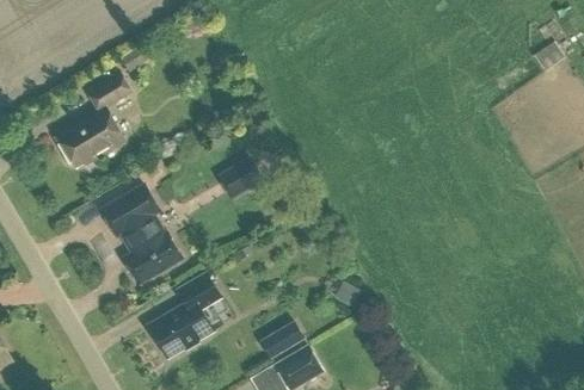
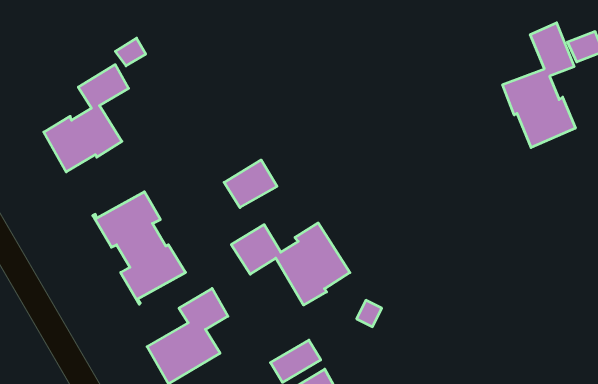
building: none -> [503,23,575,148]
building: none -> [231,223,350,305]

